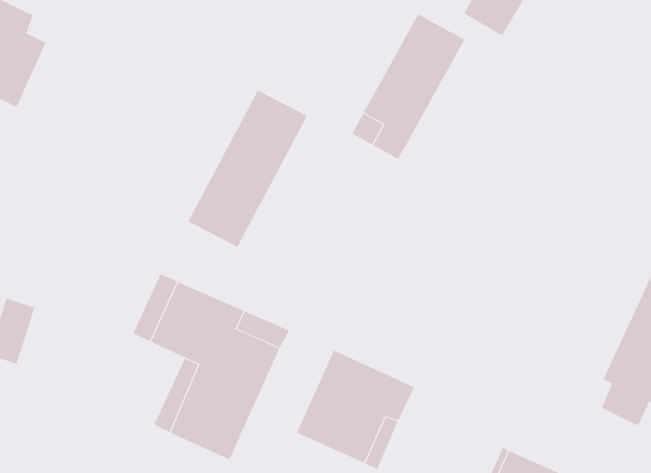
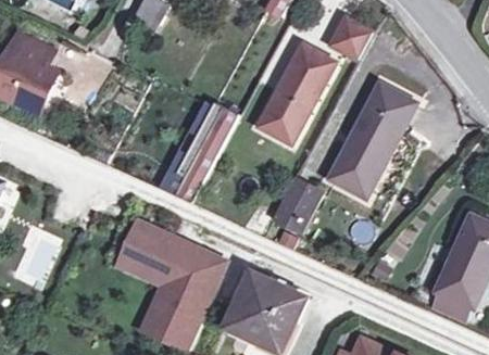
building: none -> [334,83,418,194]
building: none -> [275,178,323,230]

